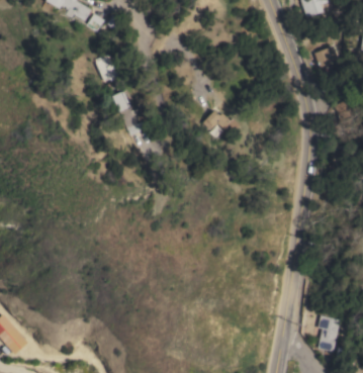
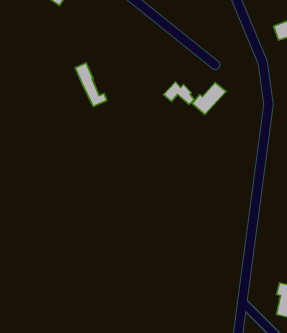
building: [94,57,117,82] -> none
building: none -> [192,83,226,115]

